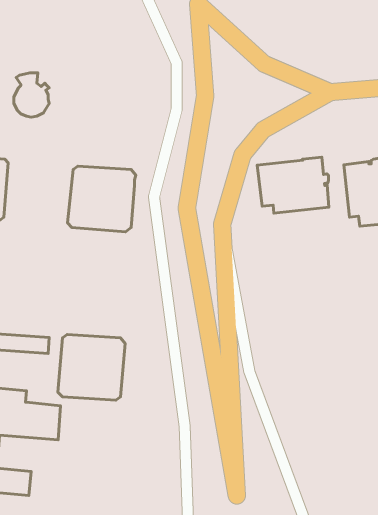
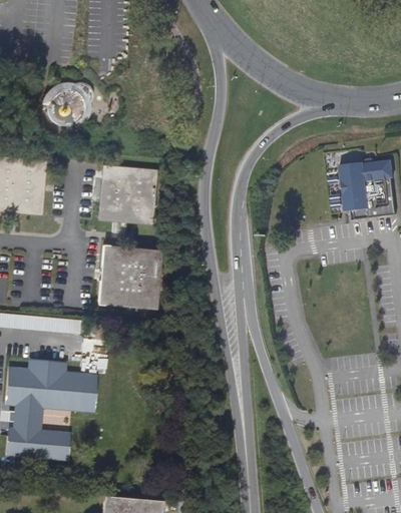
building: [257,157,329,213] -> none
building: [58,334,125,400] -> [99,248,158,307]

